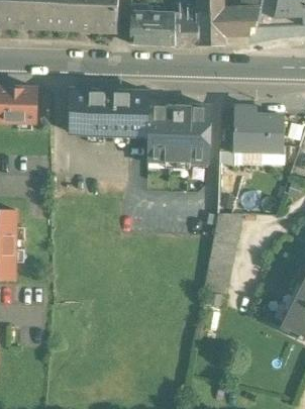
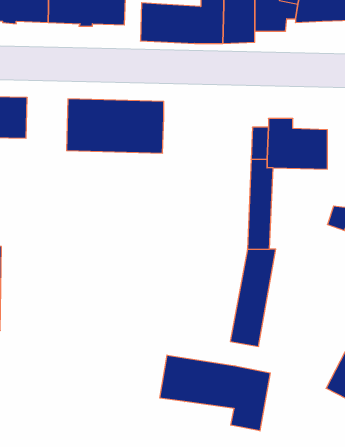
building: [146,105,207,161] -> none
building: none -> [160,355,270,431]

